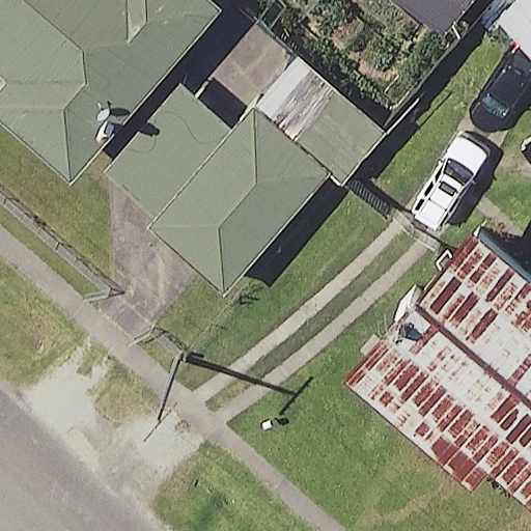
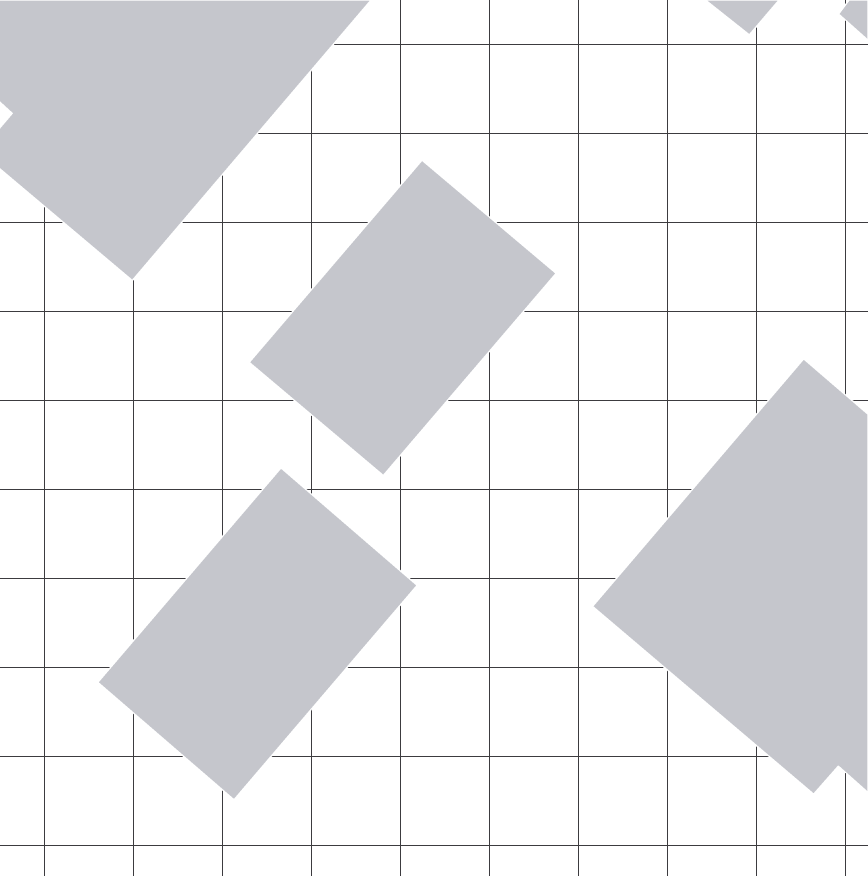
building: none -> [98,468,417,800]

